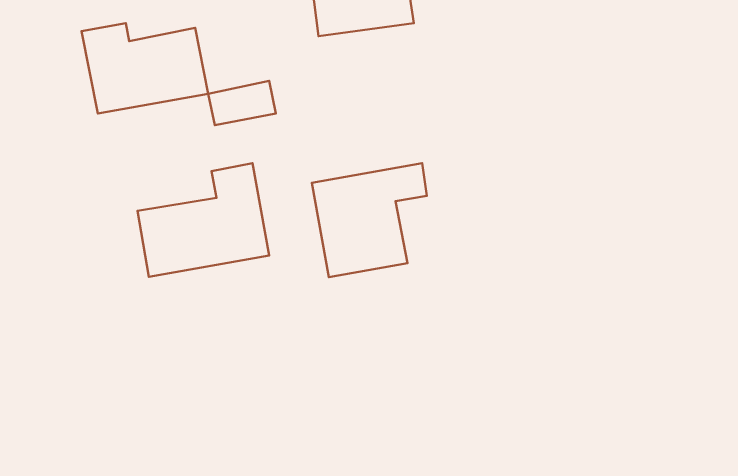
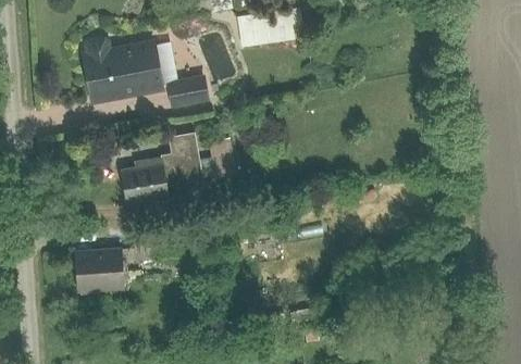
building: [312,163,427,277] -> none
building: none -> [73,247,128,296]

